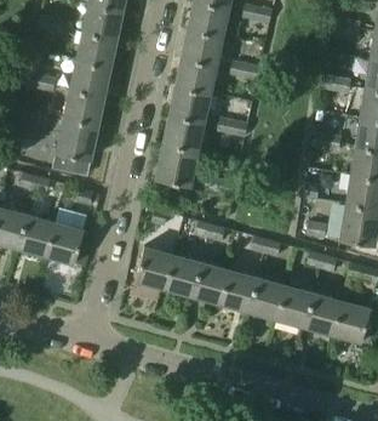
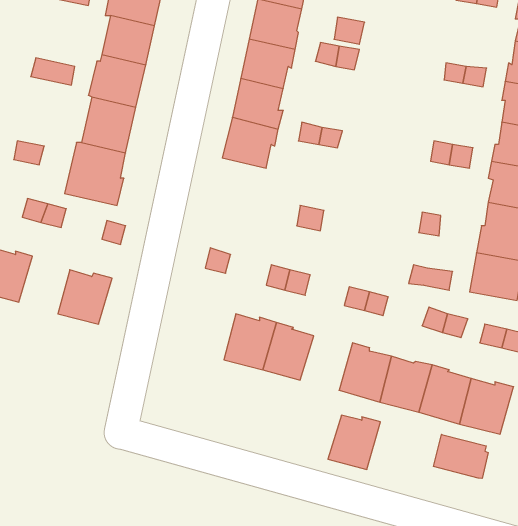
building: [156,143,195,187] -> none
building: [18,214,55,255] -> none
building: [137,245,173,288] -> none
building: [219,271,257,309] -> [328,415,380,469]
building: none -> [434,434,488,478]

